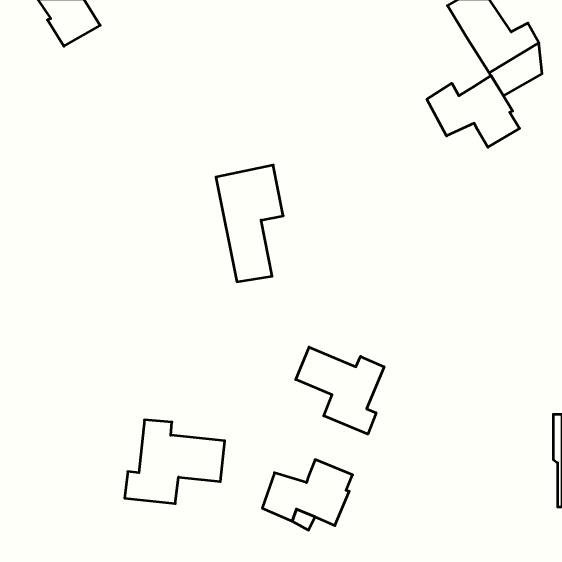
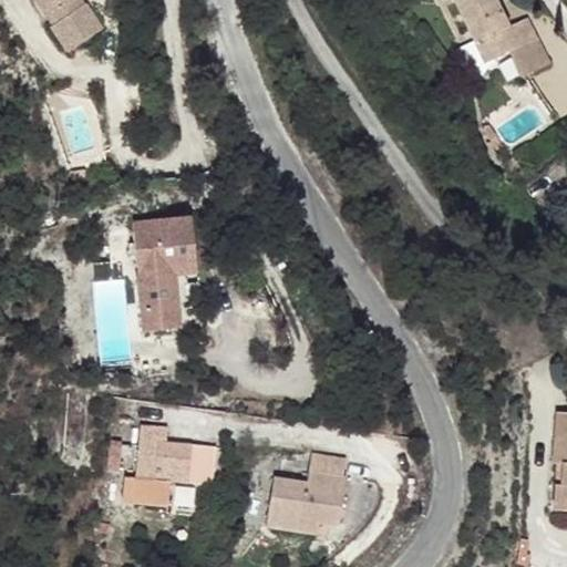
building: [427,76,520,147] -> none
building: [216,165,283,282] -> [127,214,195,331]
building: [296,347,384,434] -> none

